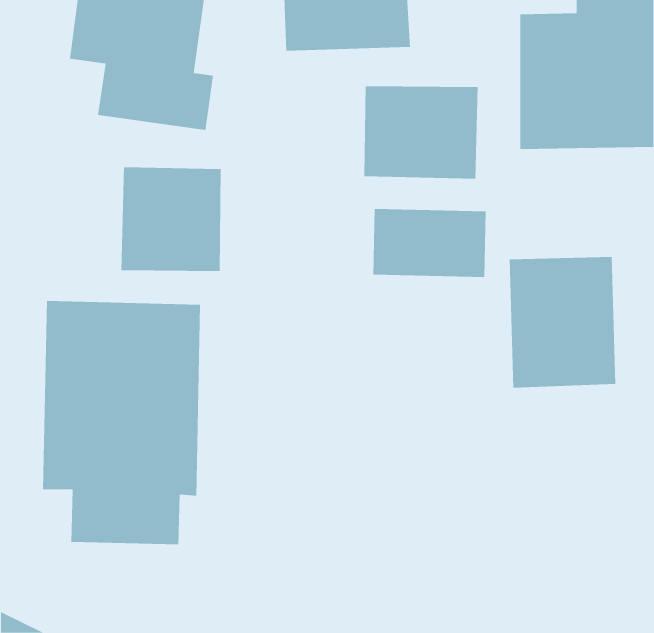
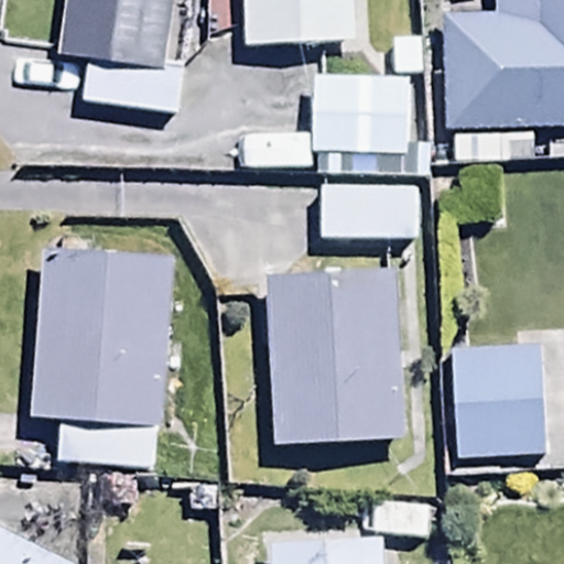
building: [121,167,221,272] -> none
building: [509,256,616,388] -> [453,340,545,454]
building: none -> [265,272,406,445]

